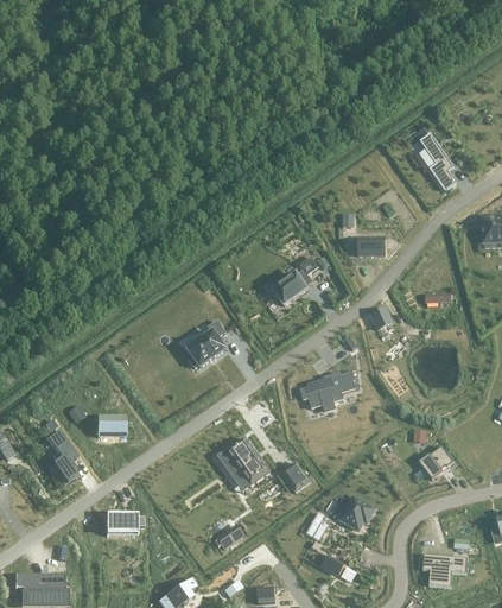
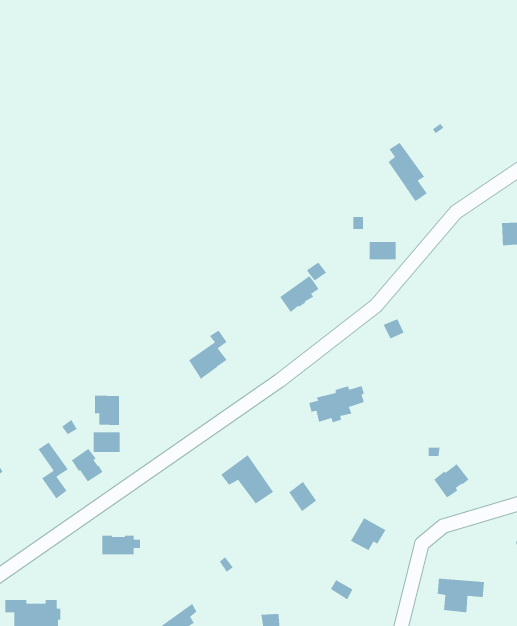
building: [418,133,456,190] -> [387,142,428,202]
building: none -> [94,395,120,426]
building: none -> [71,448,103,483]

